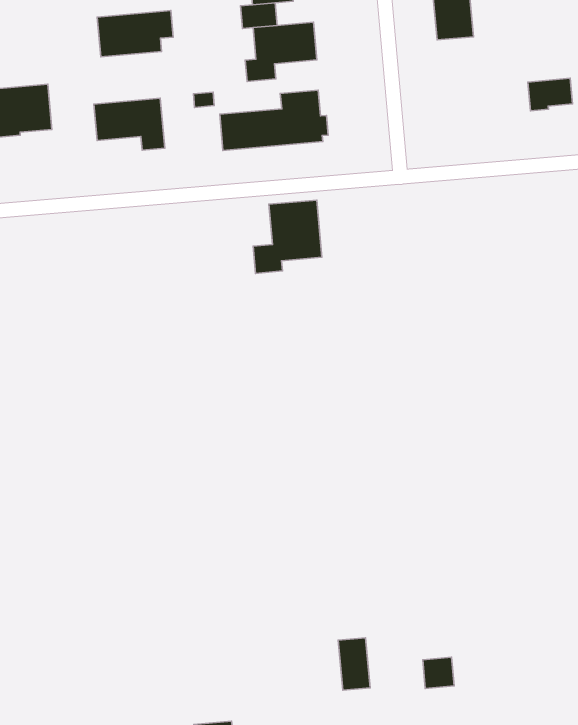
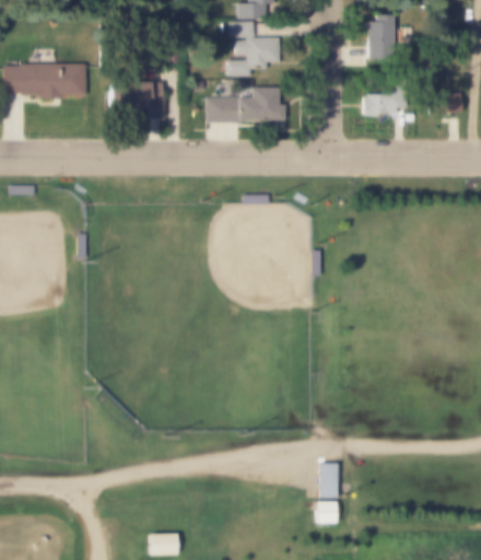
building: [97,11,173,57] -> none
building: none -> [364,81,408,115]
building: [253,200,322,273] -> none
building: [338,638,370,690] -> [318,463,338,499]

